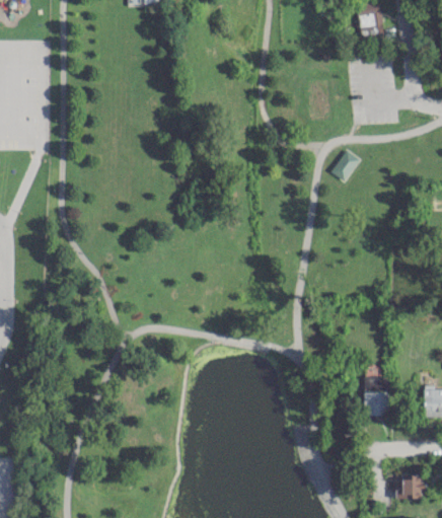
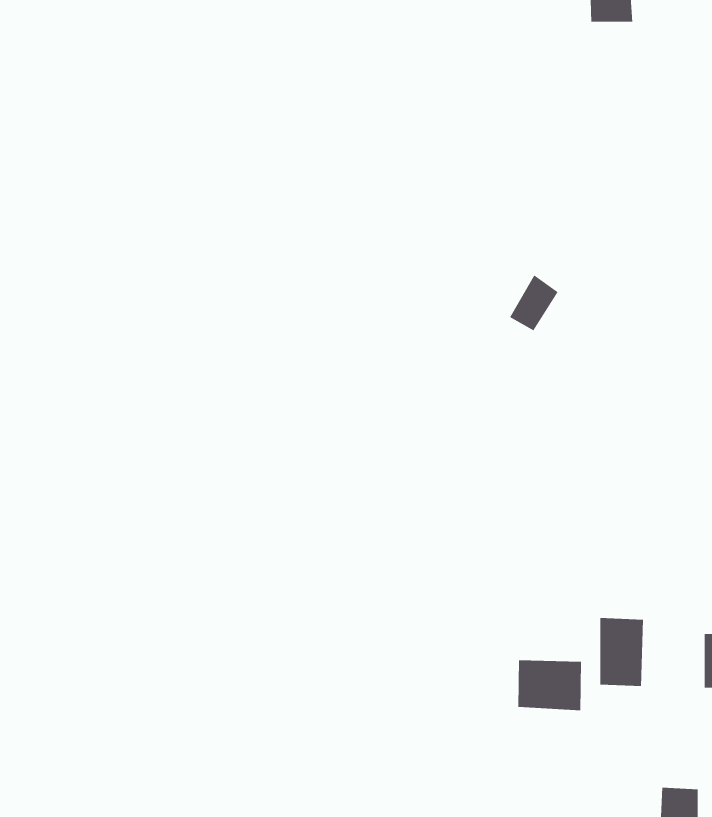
building: [332,149,360,181] -> [509,275,559,331]
building: none -> [518,659,582,711]

